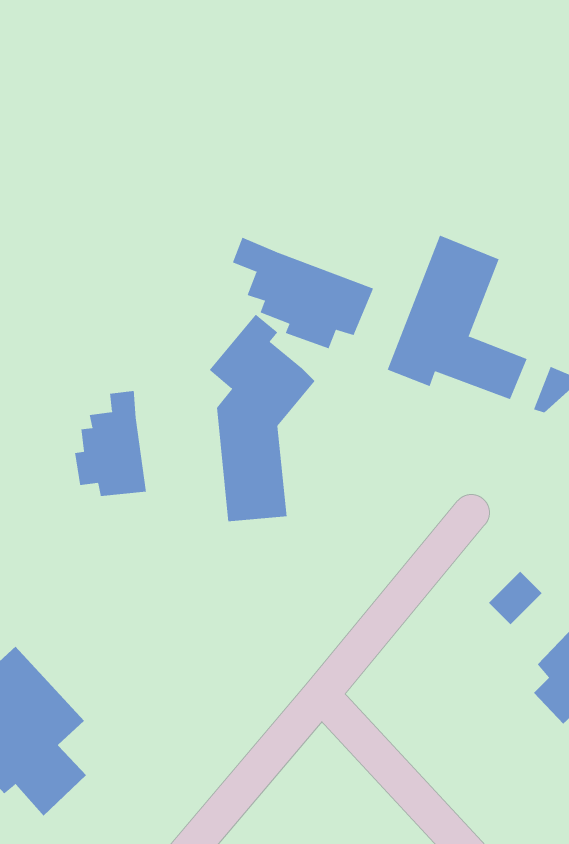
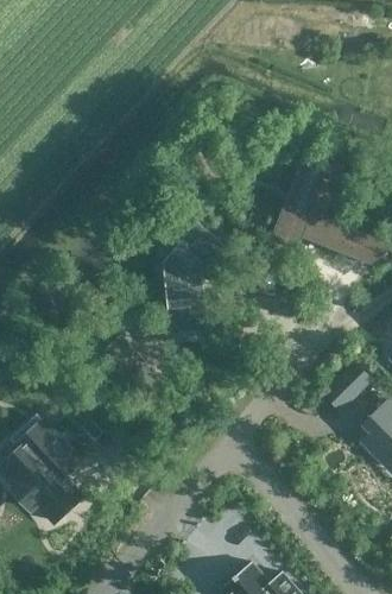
building: [232,237,374,349] -> none
building: [74,390,147,497] -> none

